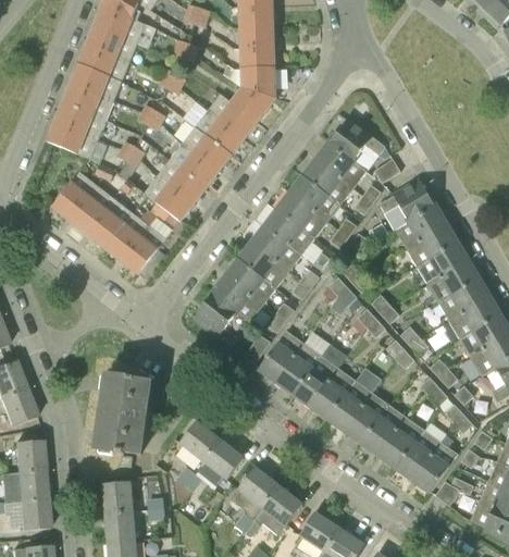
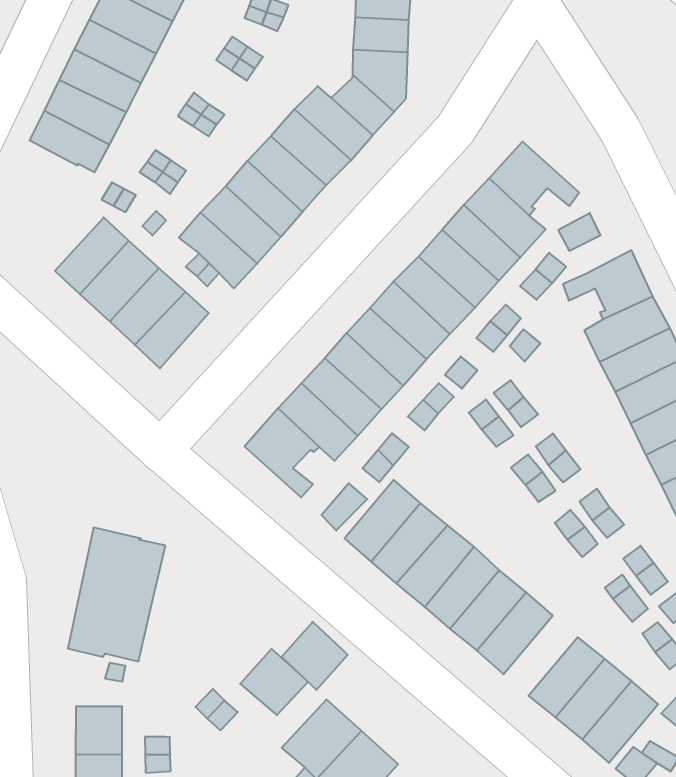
building: [52,171,97,220] -> none
building: [362,406,406,456] -> none
building: [179,421,220,462] -> [282,622,348,690]

